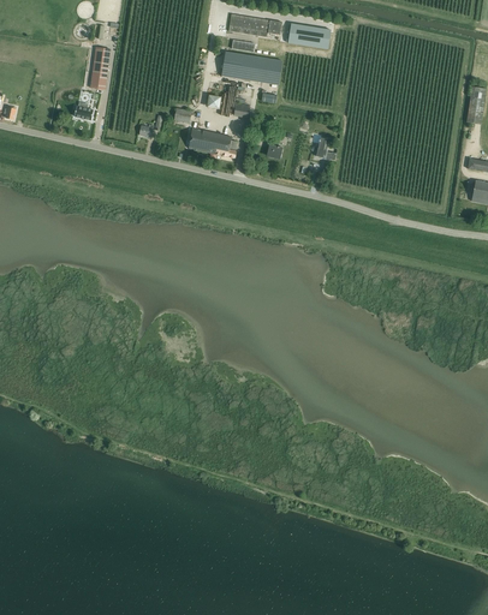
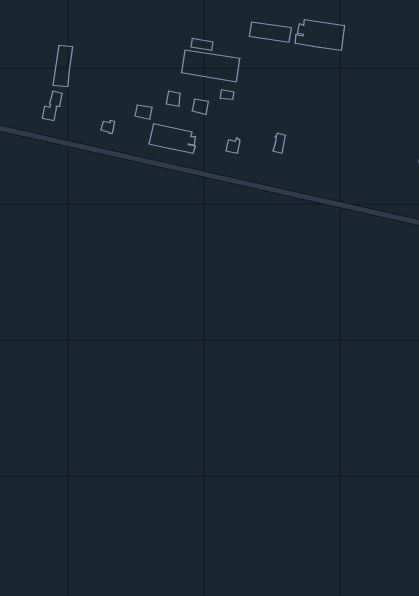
building: [232,11,285,35] -> none
building: none -> [295,20,344,50]

